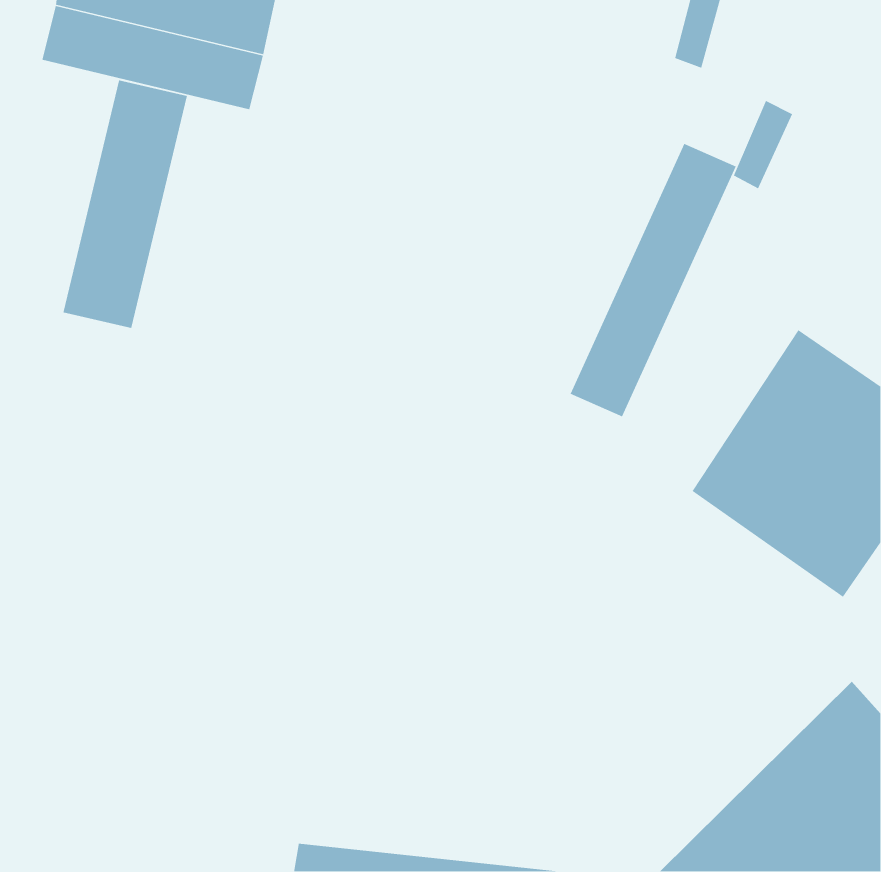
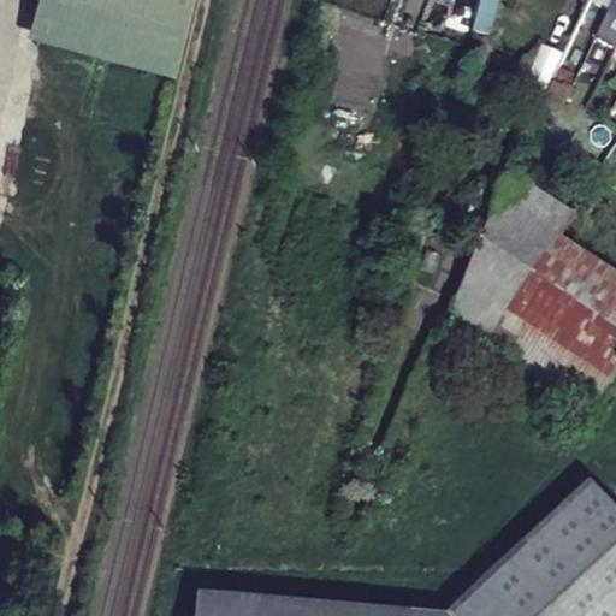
building: [62,79,188,329] -> none
building: [570,143,737,417] -> none

